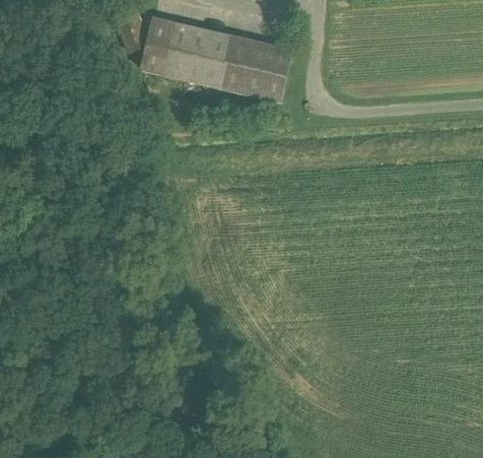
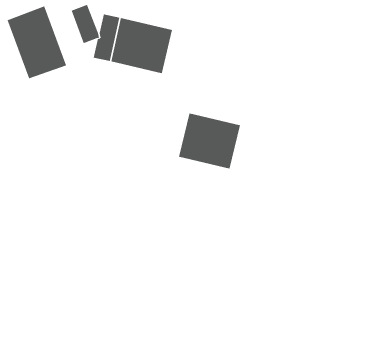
building: none -> [7,5,67,79]
building: [219,36,291,101] -> [178,113,241,169]

